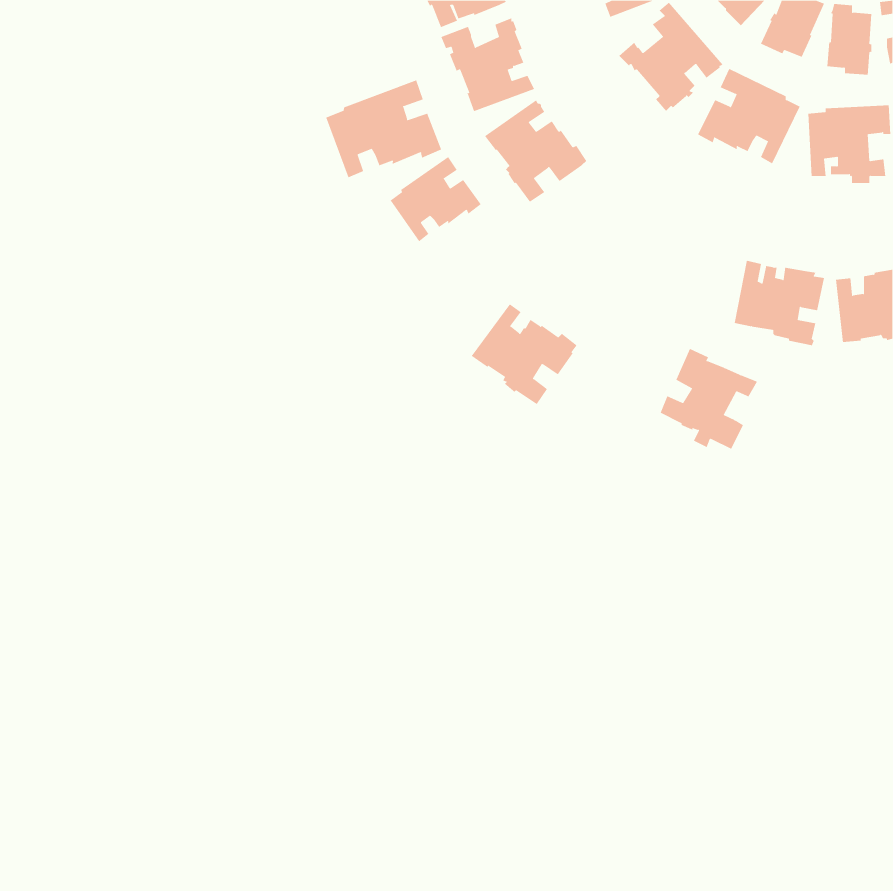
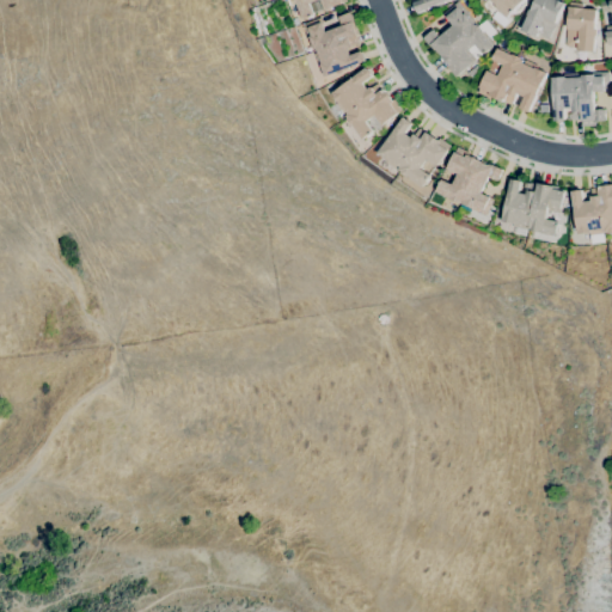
building: [325,80,442,178] -> none
building: [390,156,481,242] -> none
building: [471,303,577,405] -> [378,118,451,188]
building: [660,348,758,450] -> [436,148,503,218]

